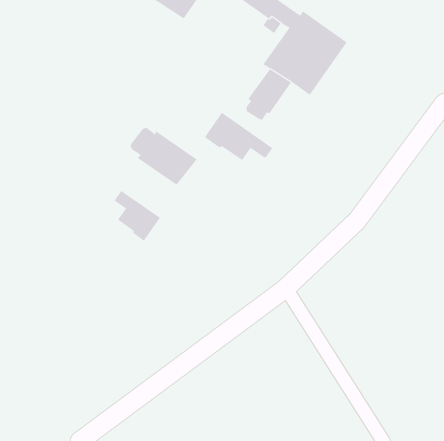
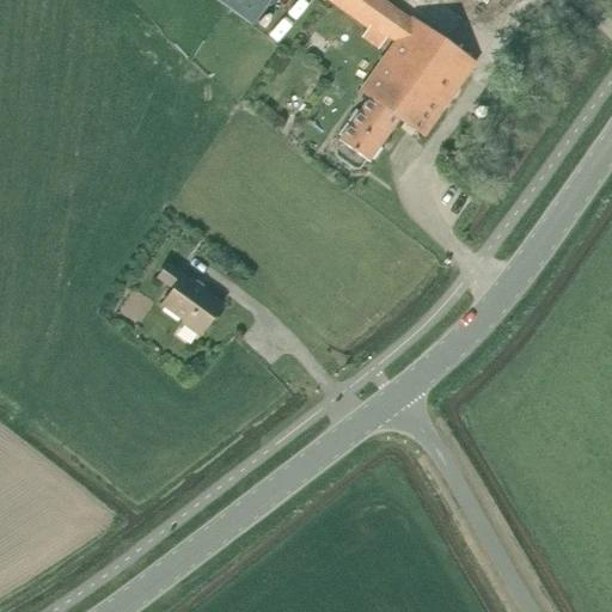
building: [204,112,273,161] -> none
building: [130,127,197,185] -> none

